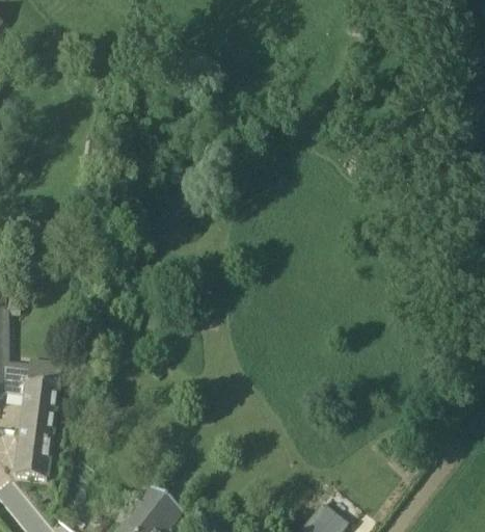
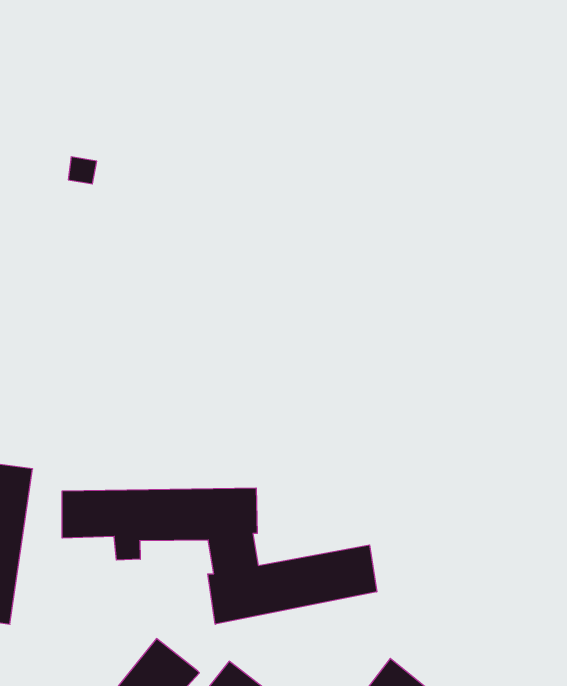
building: none -> [62,488,377,624]

